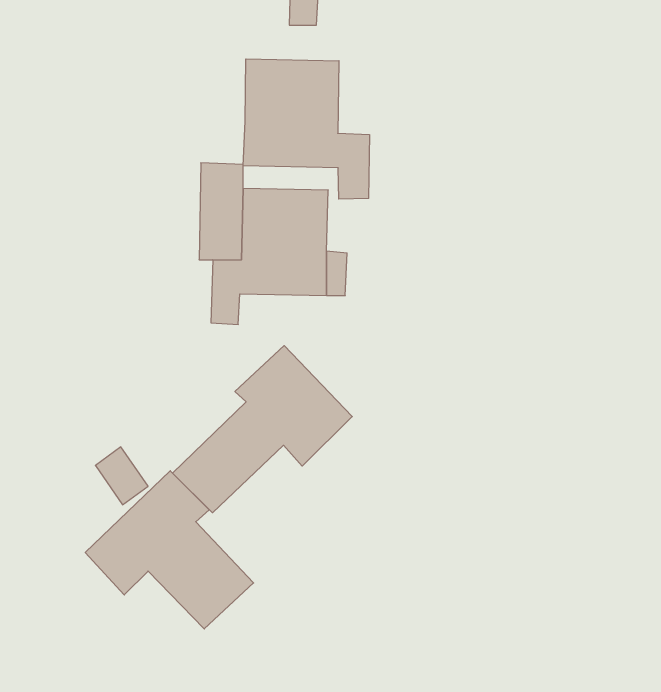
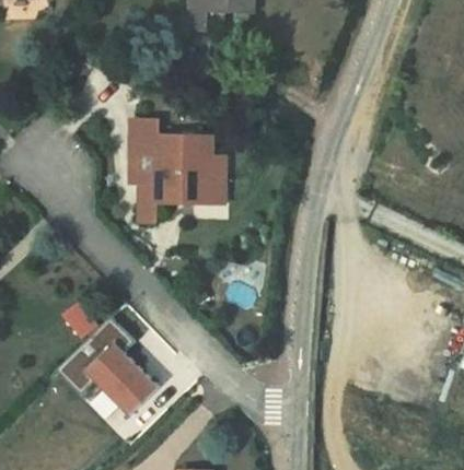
building: [243,59,369,199] -> none
building: [173,346,352,513] -> none

